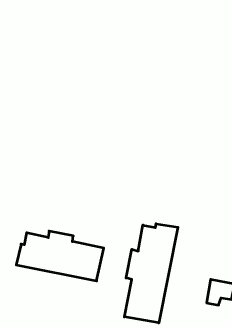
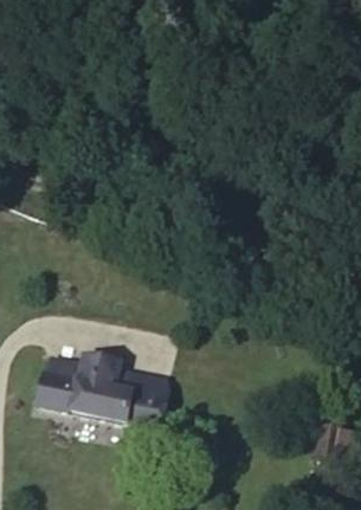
building: [124,224,178,323] -> none

